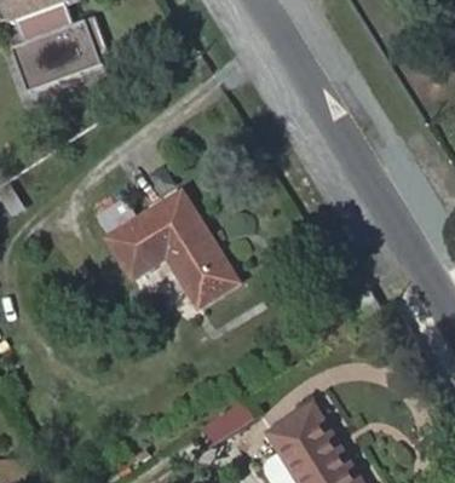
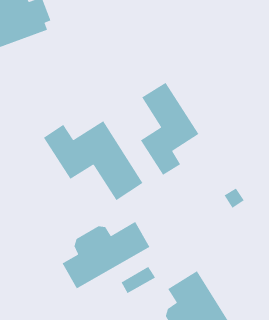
building: none -> [140,82,199,176]
building: none -> [62,221,150,289]

